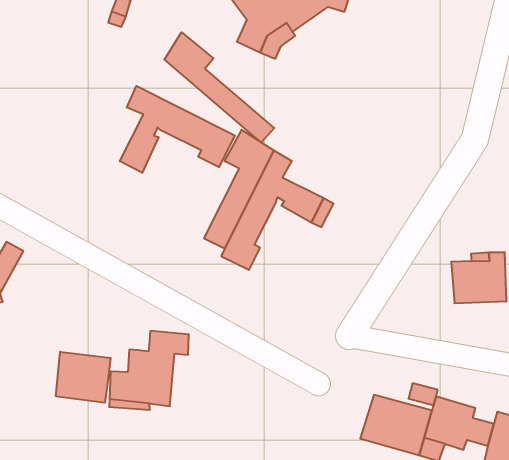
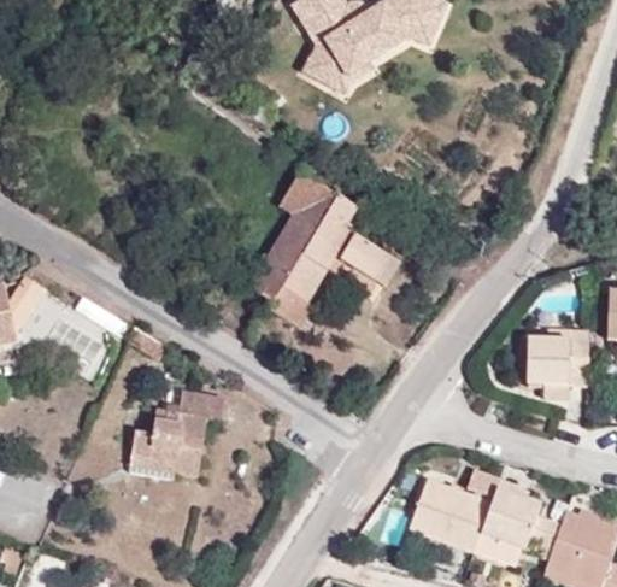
building: [164,32,274,142] -> none
building: [120,86,235,173] -> none
building: [56,352,110,403] -> none

